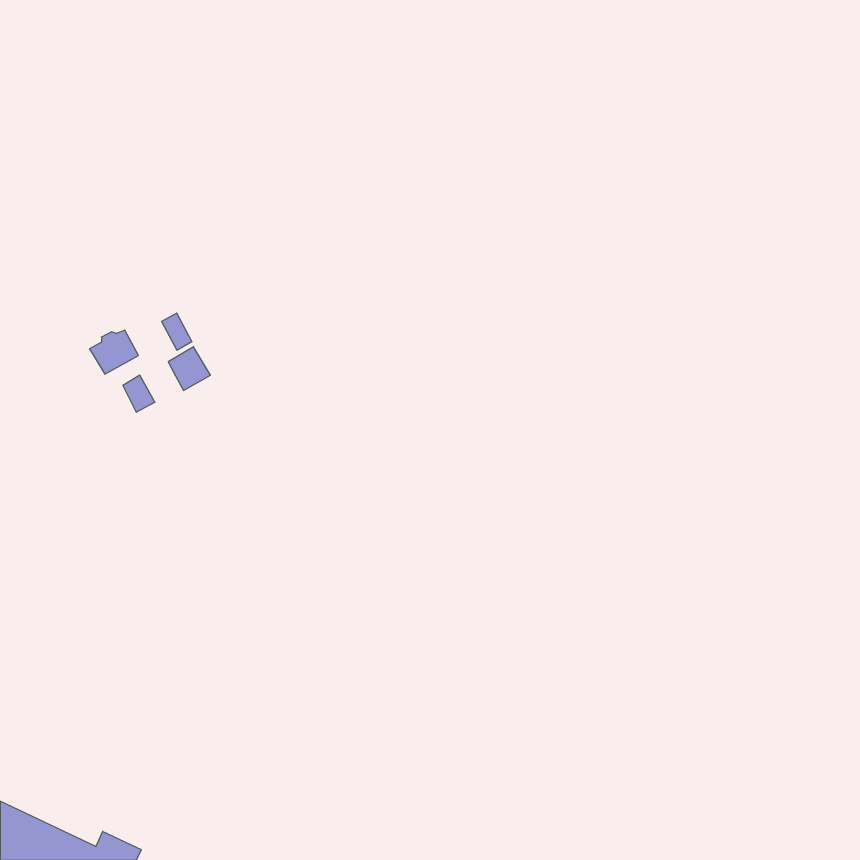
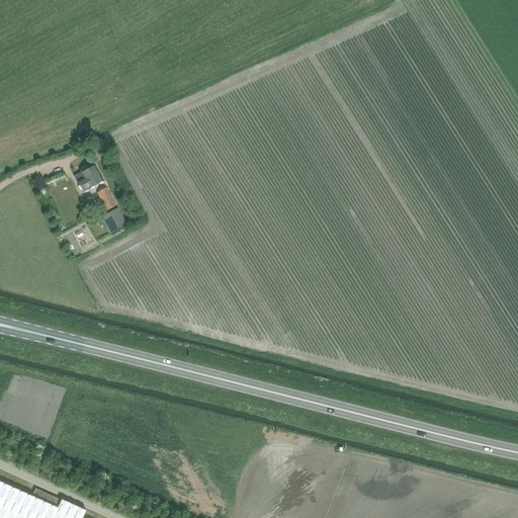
building: [90,330,138,374] -> [74,167,103,193]

